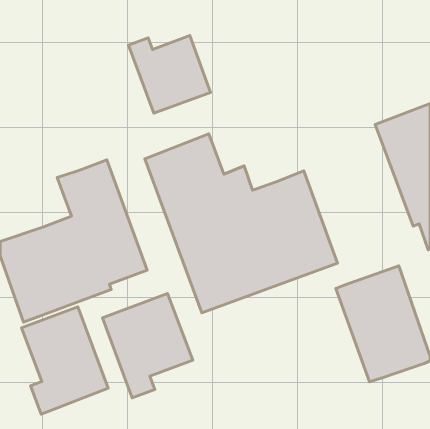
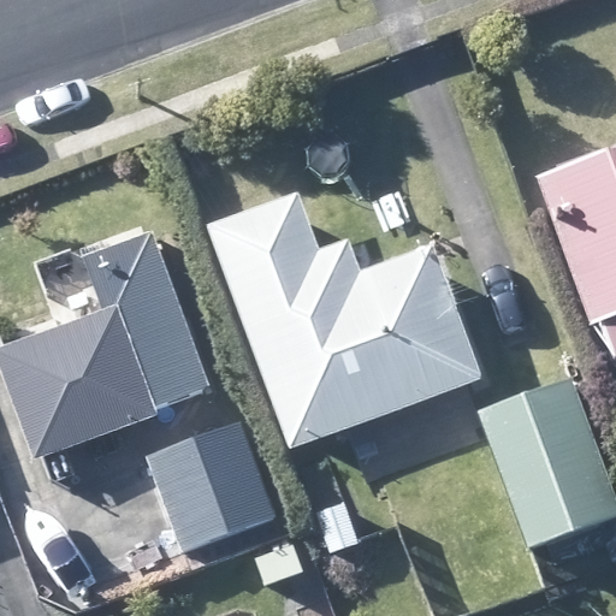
building: [128,36,211,113] -> none
building: [21,307,108,414] -> none

